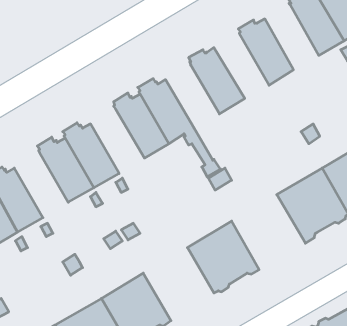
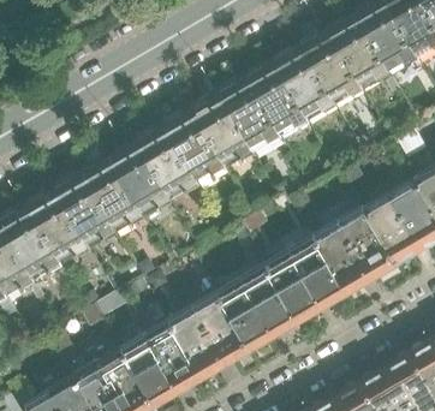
building: none -> [300,32,360,103]
building: none -> [246,64,306,135]
building: none -> [191,97,252,167]
building: none -> [109,145,171,216]
building: none -> [26,193,88,264]
building: none -> [266,239,346,321]
building: none -> [169,297,246,376]

